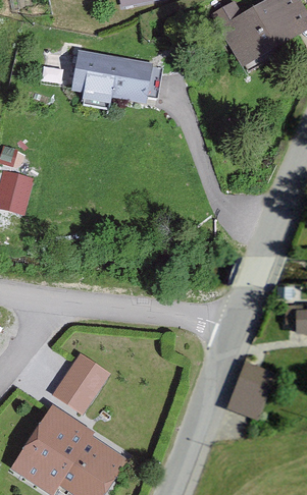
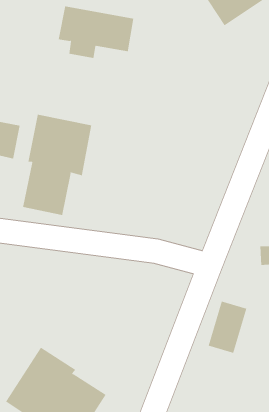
building: none -> [22,114,92,216]
building: [54,358,104,410] -> none

